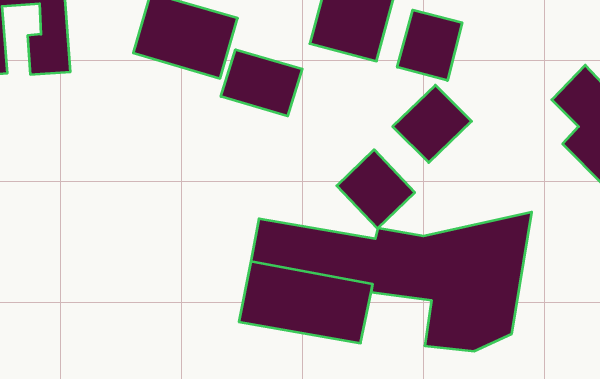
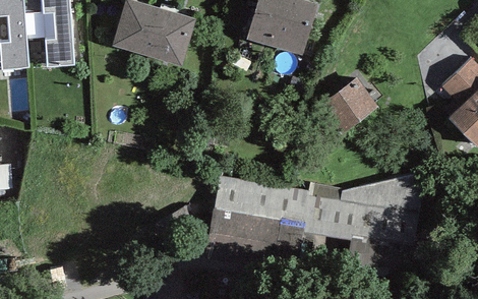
building: [397,10,462,81] -> none
building: [221,50,302,116] -> none
building: [337,150,415,229] -> none

